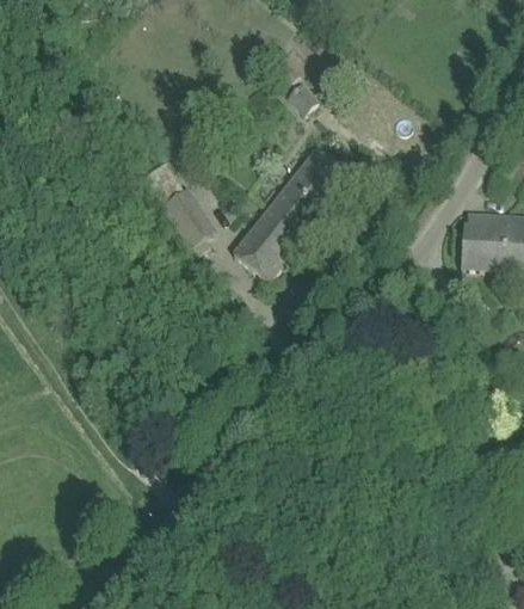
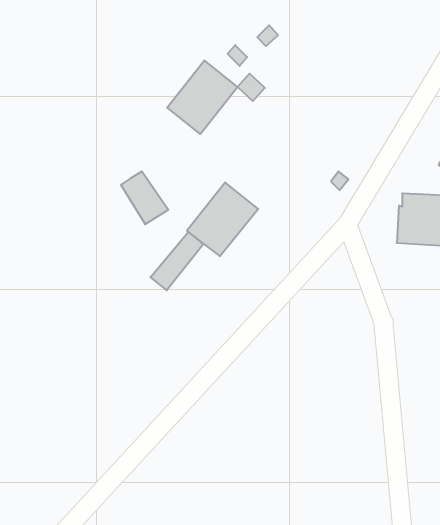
building: [273,149,350,229] -> [167,60,237,134]
building: none -> [150,232,203,290]

